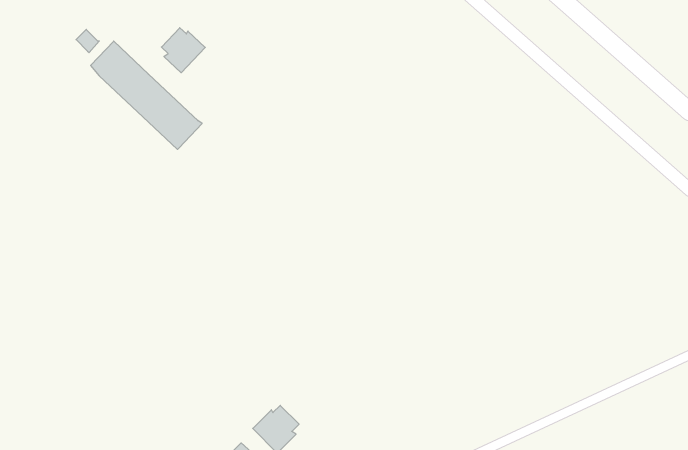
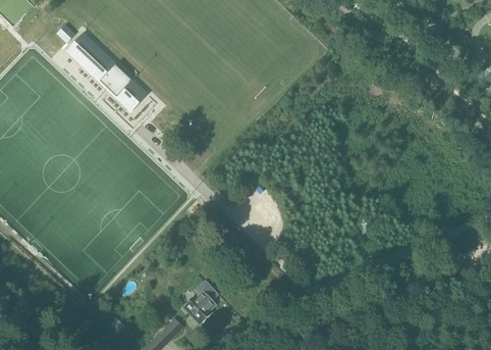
building: [161,28,205,73] -> none

